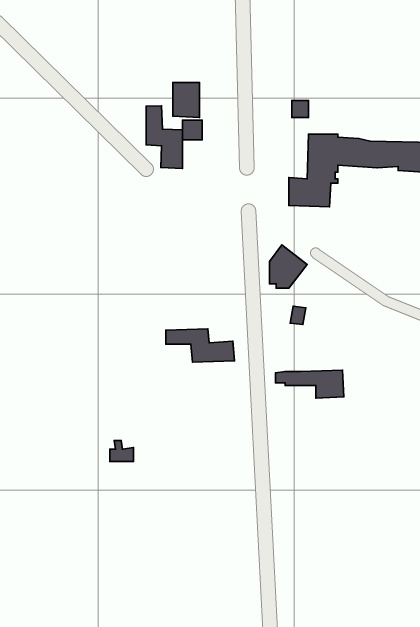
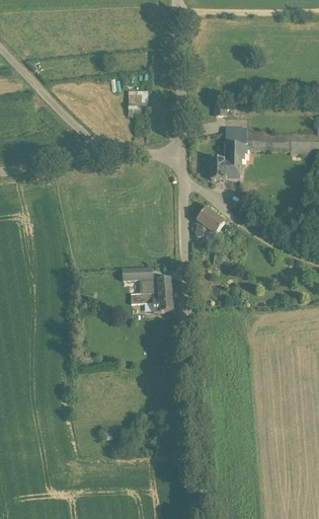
building: [146,106,183,168] -> none
building: [275,370,344,398] -> [123,291,172,311]

